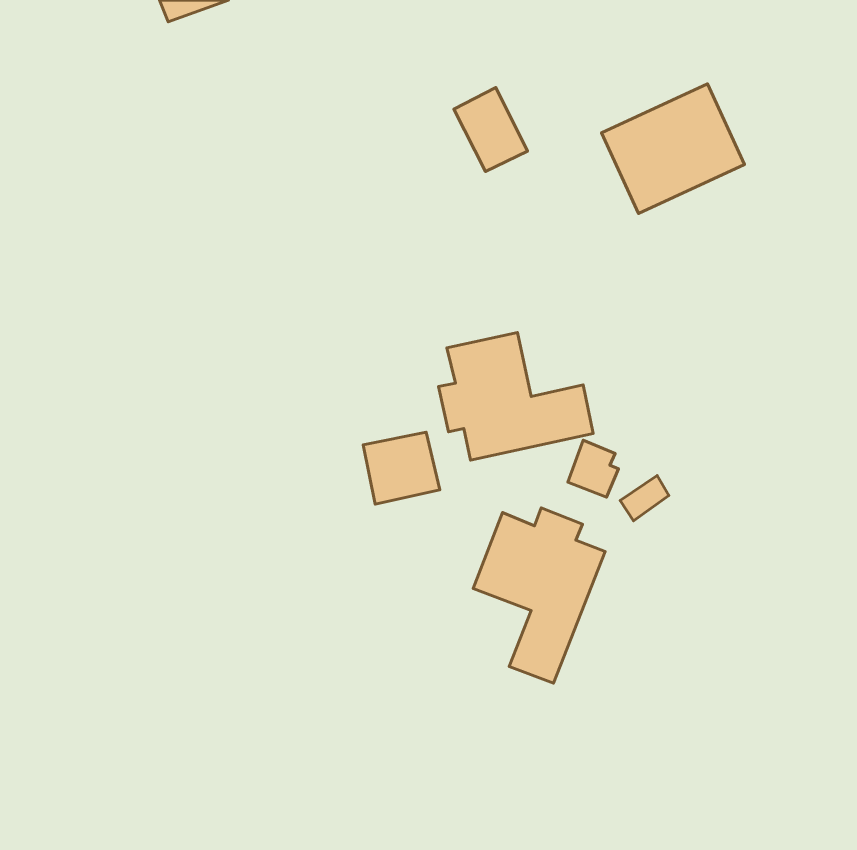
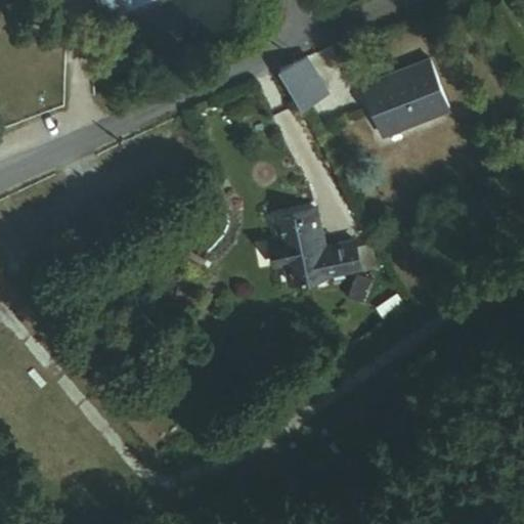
building: [363,432,440,504] -> none
building: [473,508,605,683] -> none

